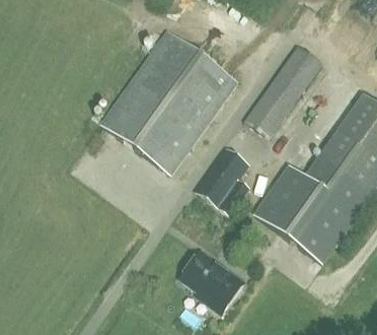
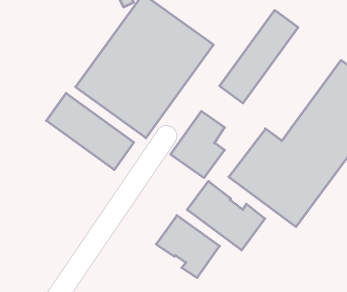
building: none -> [46,93,134,170]
building: none -> [187,181,265,250]

